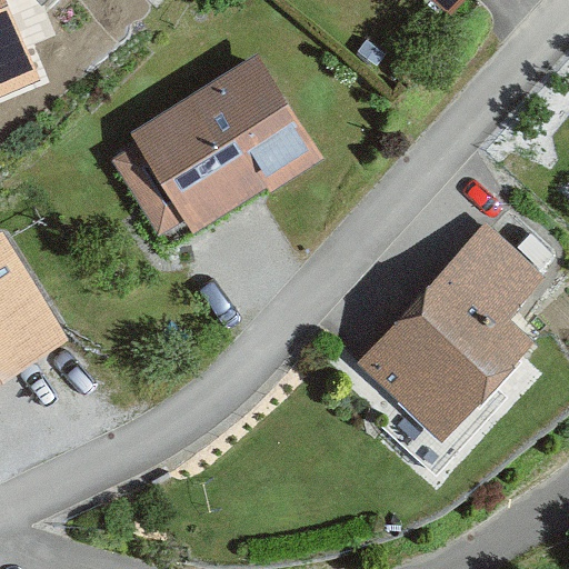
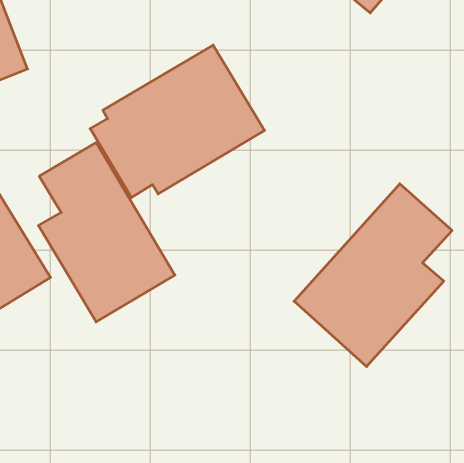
building: none -> [38,143,175,322]

